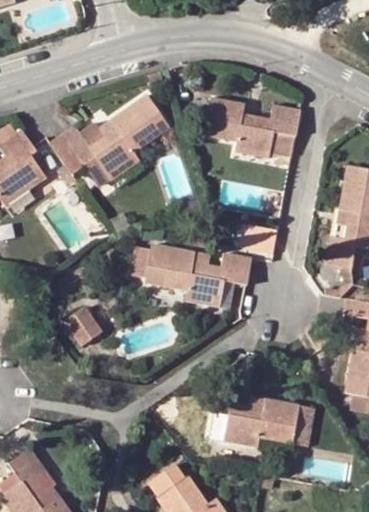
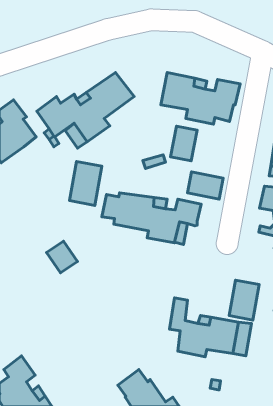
building: none -> [170,126,197,161]
building: none -> [70,161,102,205]
building: none -> [229,280,259,320]

